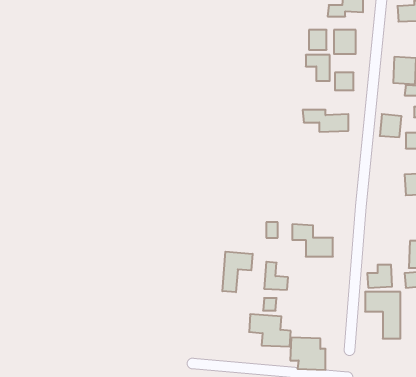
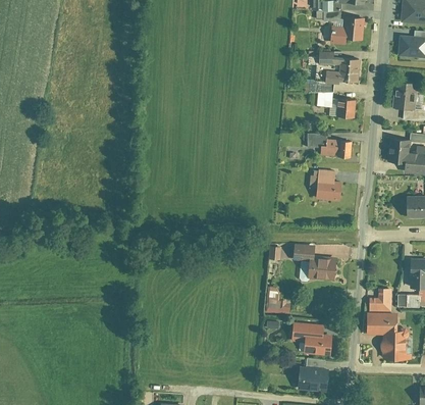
building: none -> [315,167,340,199]
building: [222,252,253,292] -> none
building: [249,314,291,347] -> [291,324,332,356]

